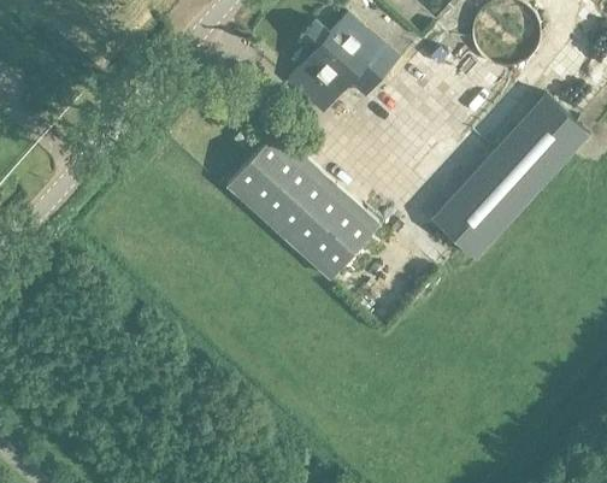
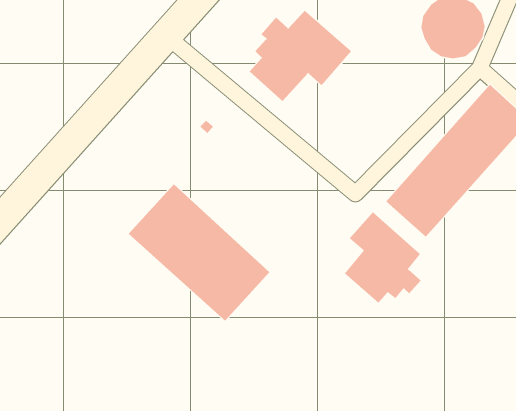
building: [226,130,379,278] -> [128,183,270,322]
building: none -> [344,212,422,304]

